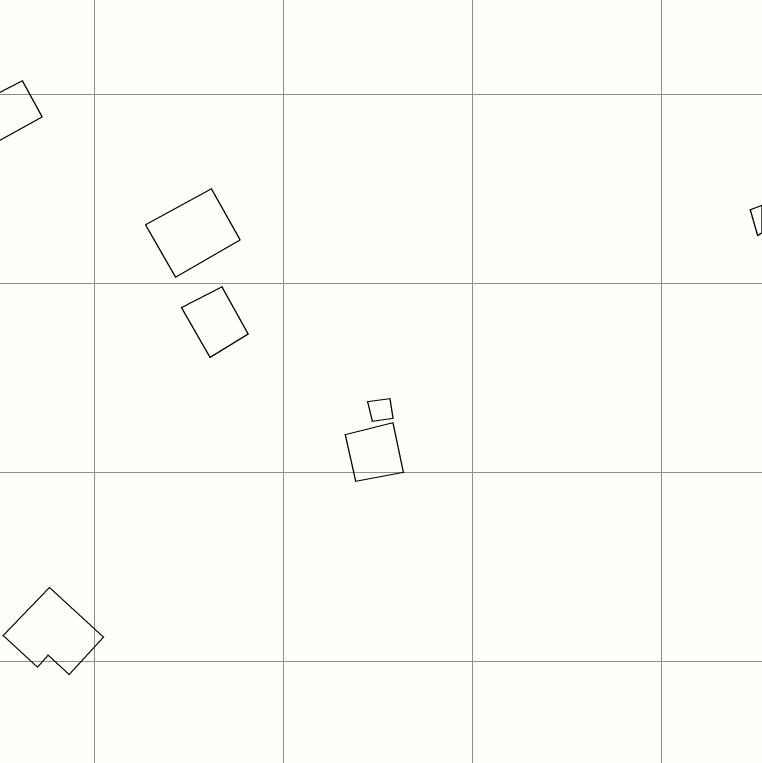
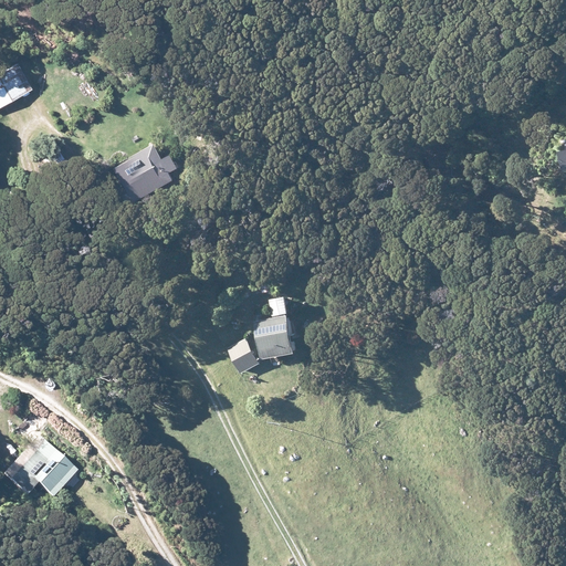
building: [182,287,248,357] -> none
building: none -> [227,338,259,374]

